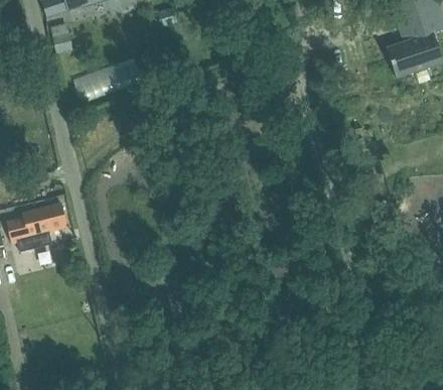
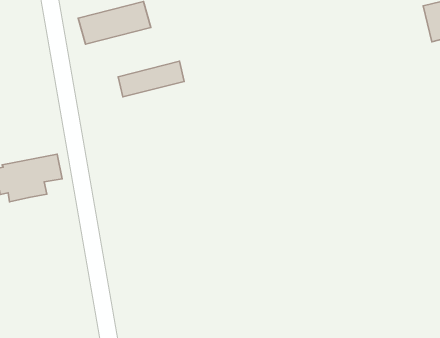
building: none -> [118,61,184,97]

